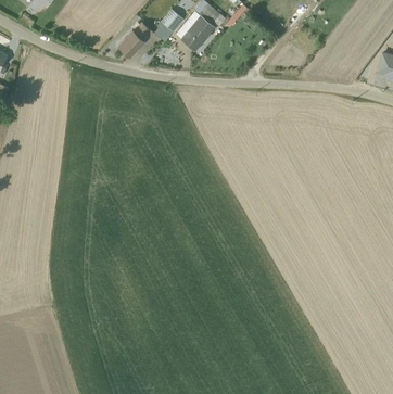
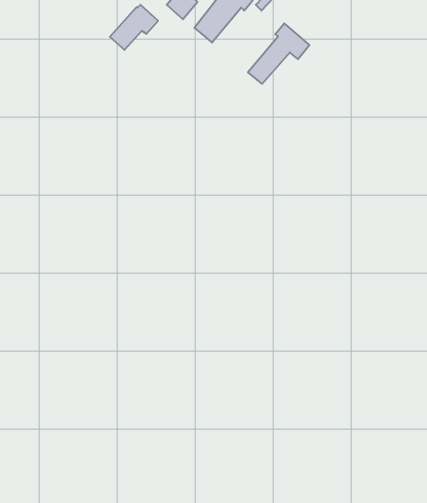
building: none -> [248,23,309,84]

